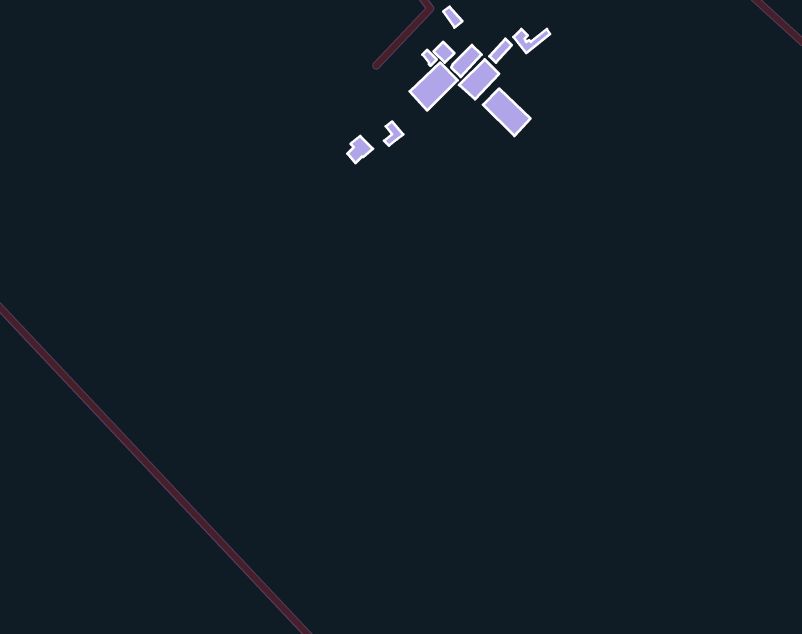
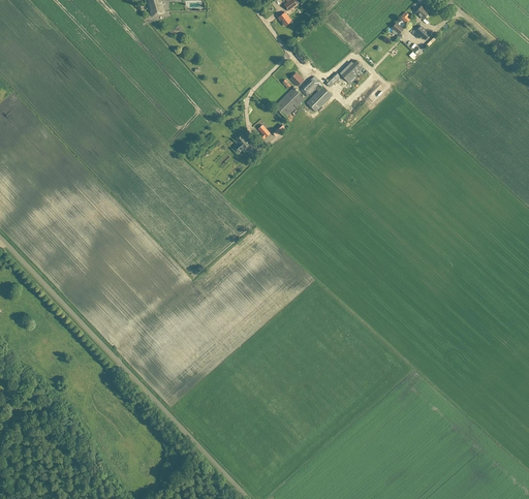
building: [483,89,530,136] -> none

